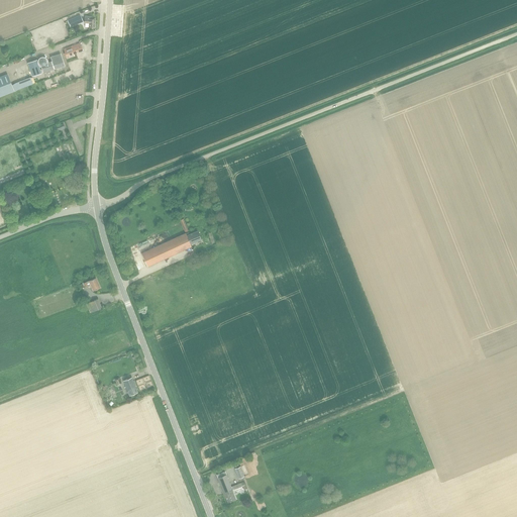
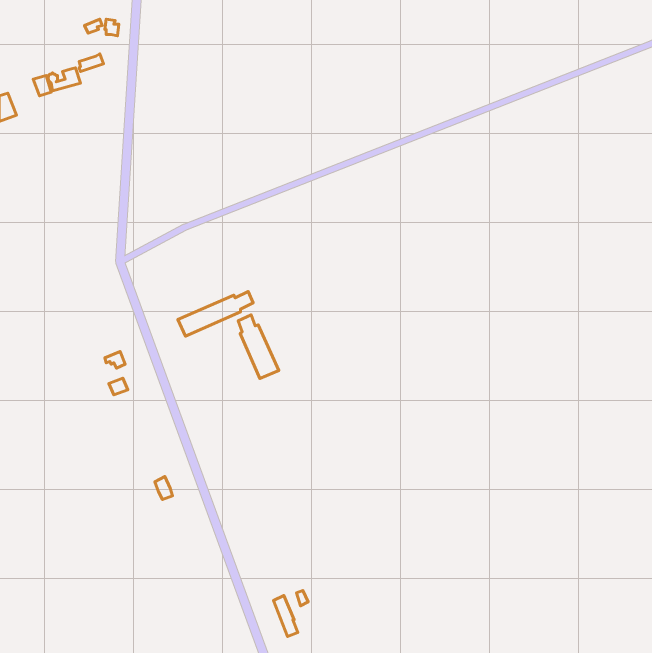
building: none -> [238,315,279,379]

